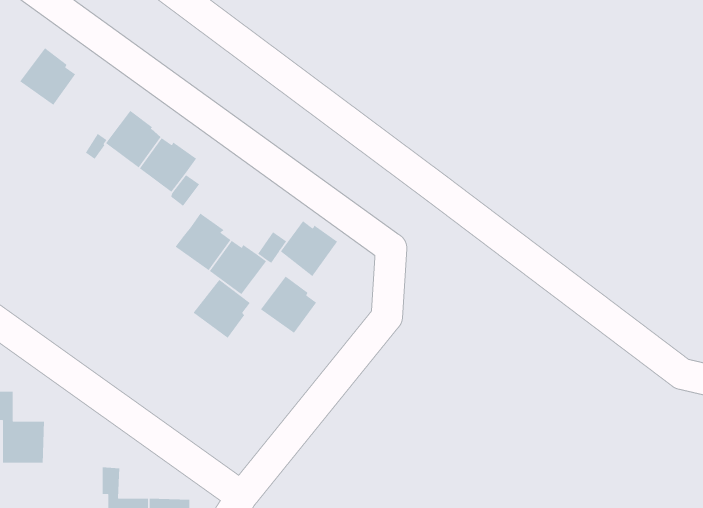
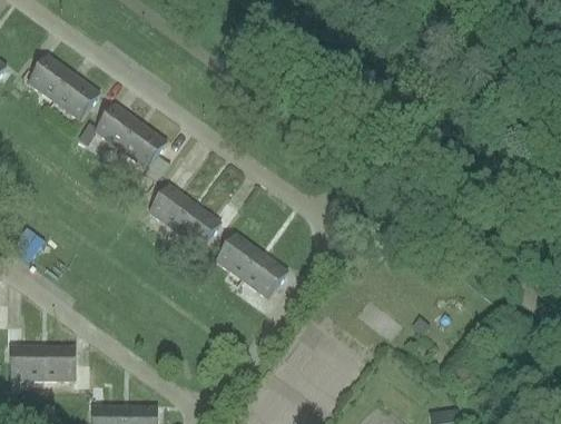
building: none -> [52,75,98,118]
building: [280,220,338,277] -> [240,253,286,297]
building: [193,279,251,339] -> none
building: none -> [45,345,90,384]

